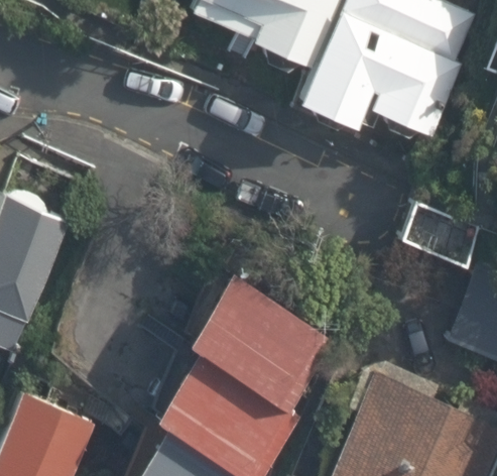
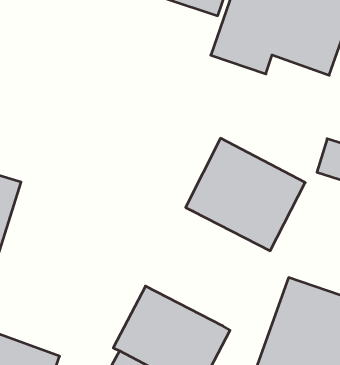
building: [191,277,331,411] -> [186,138,305,251]

